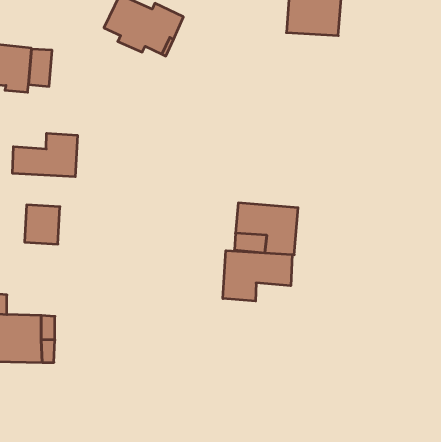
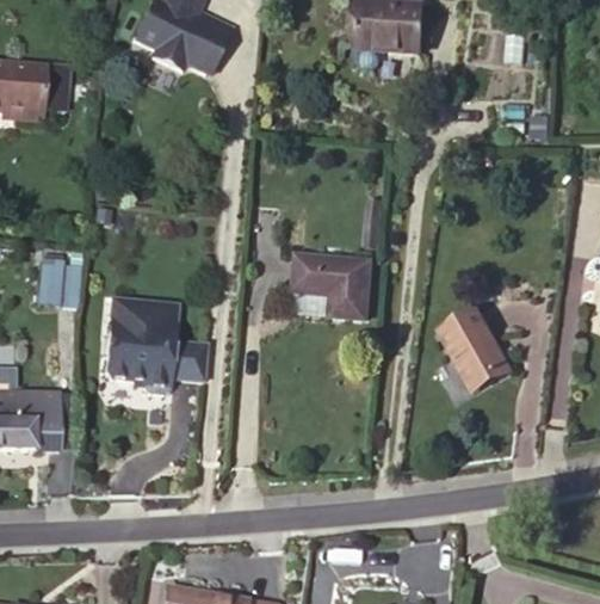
building: [13,133,77,177] -> none
building: none -> [105,296,206,392]
building: none -> [439,308,508,388]
building: [223,251,292,301] -> none

